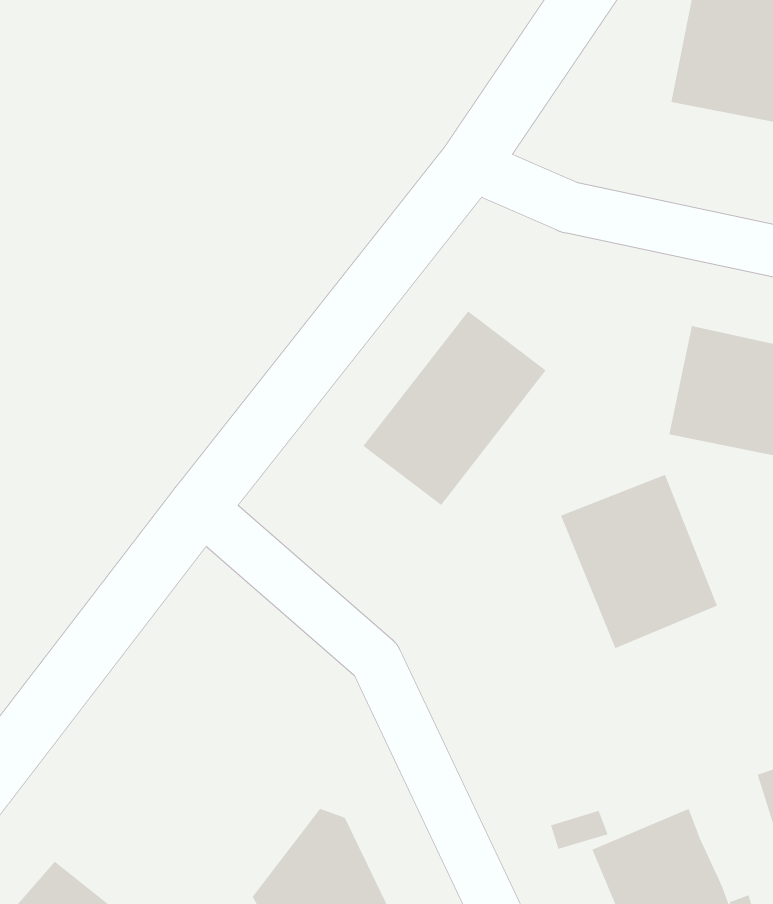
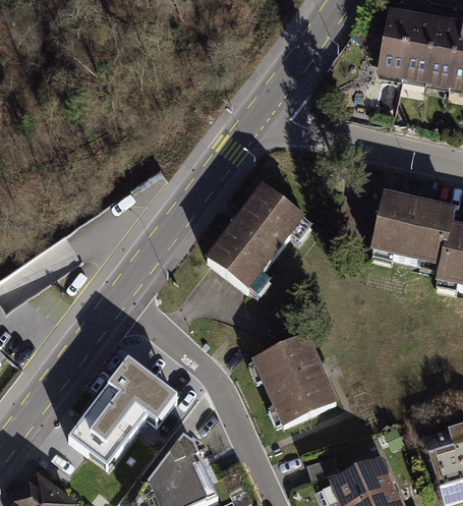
building: [560,474,718,649] -> [252,331,338,426]
building: none -> [69,369,172,470]

